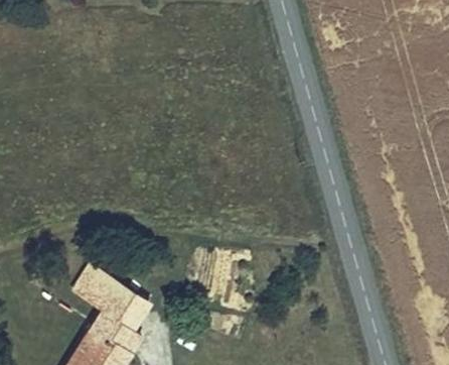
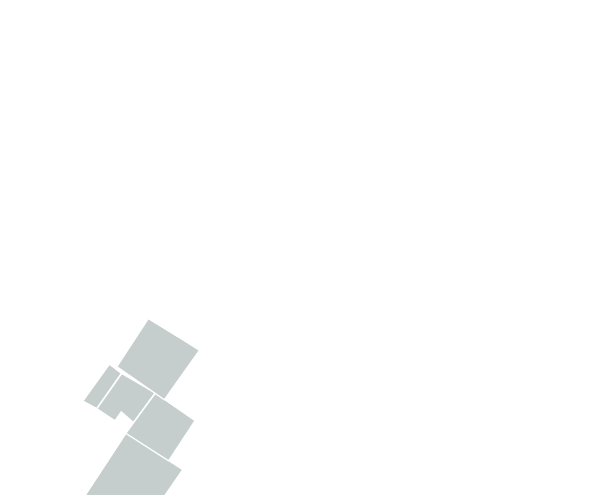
building: none -> [117,319,199,400]

